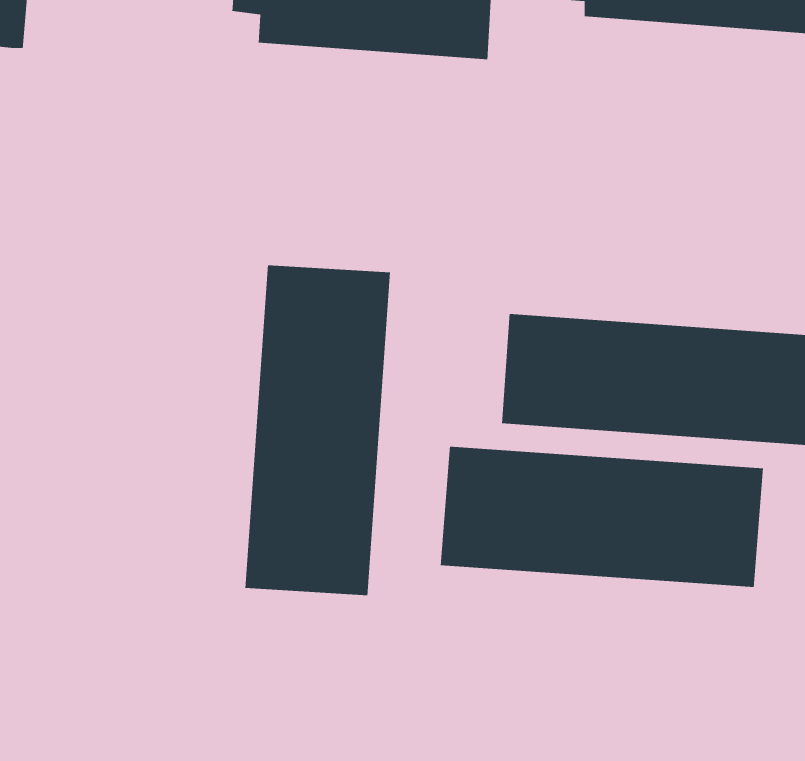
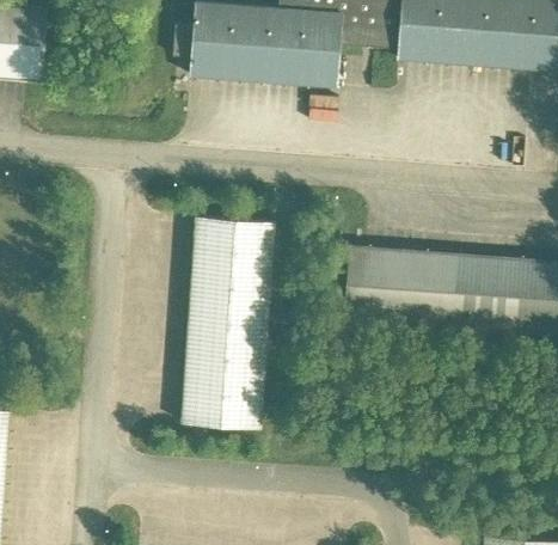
building: [440,446,764,588] -> none

